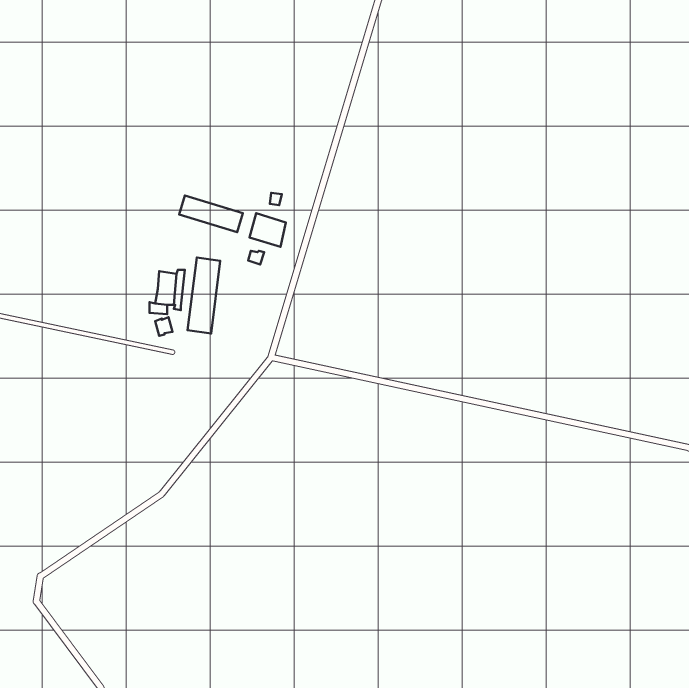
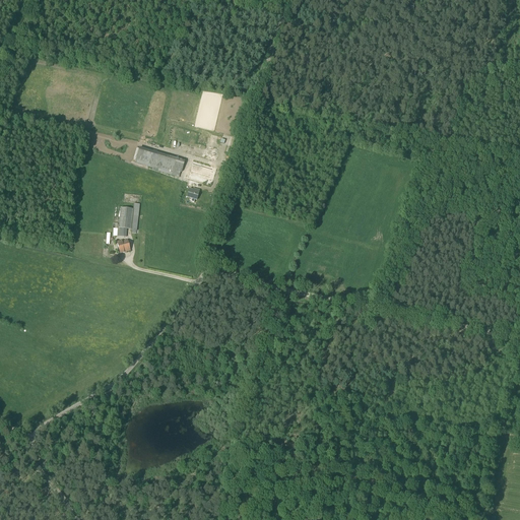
building: [188,257,220,333] -> none

